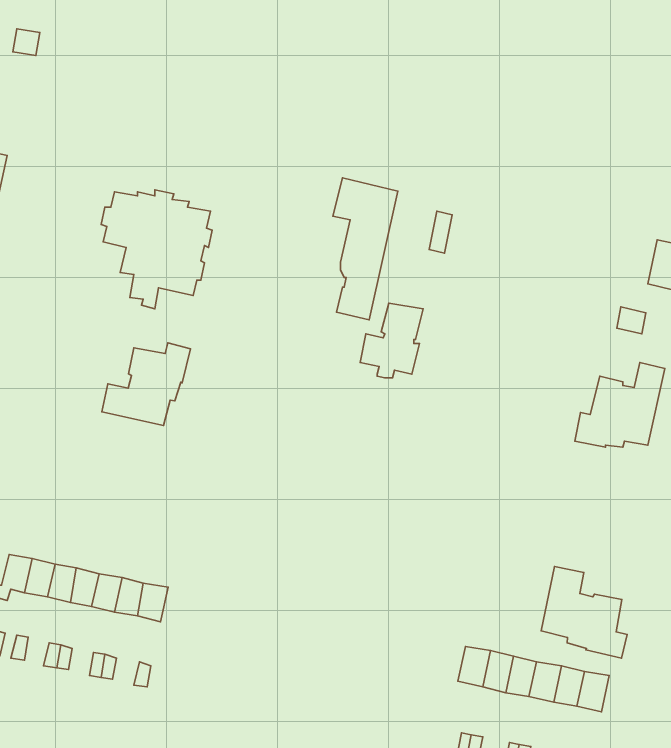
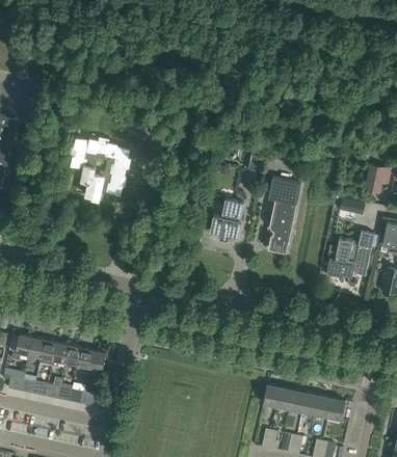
building: [333,178,398,320] -> [266,176,301,252]
building: [102,343,191,426] -> none
building: [541,567,627,658] -> none

